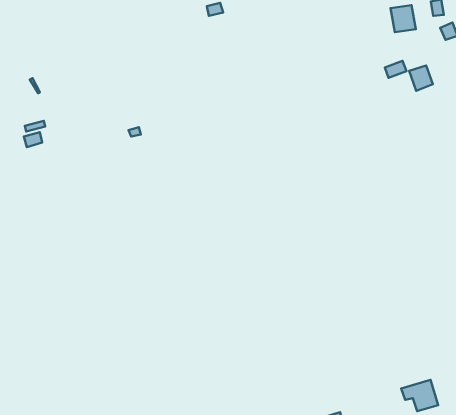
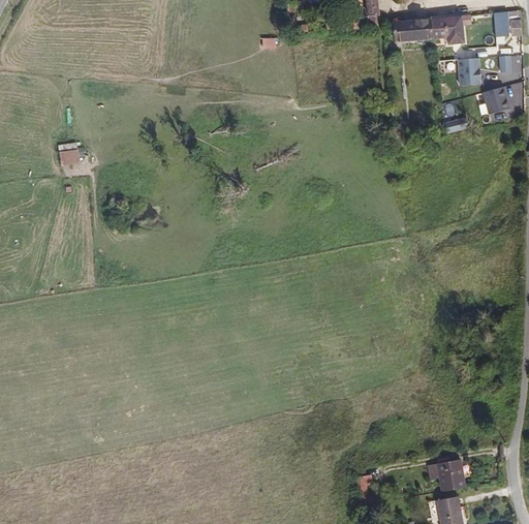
building: [409,65,433,91] -> [485,87,508,113]

